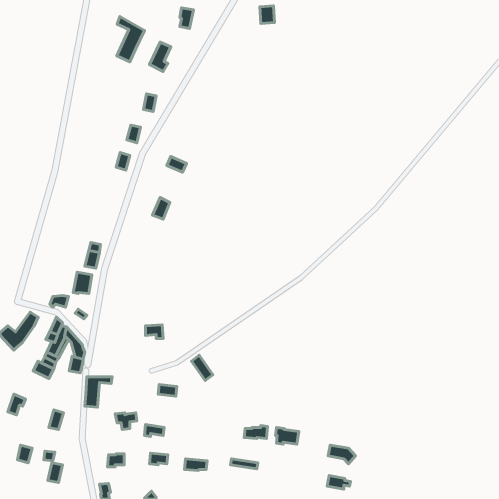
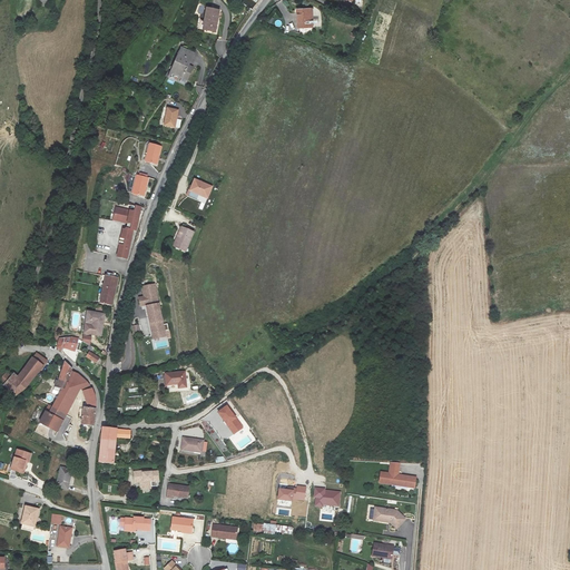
building: [117,17,145,62] -> none
building: none -> [112,204,141,257]
building: none -> [139,283,170,337]
building: none -> [380,461,416,487]

